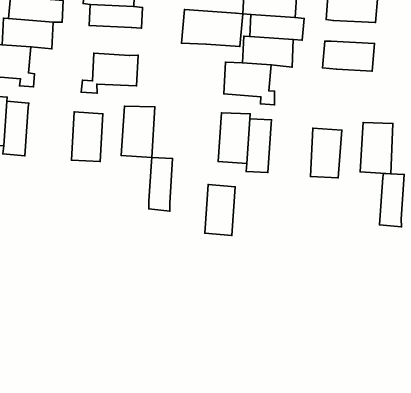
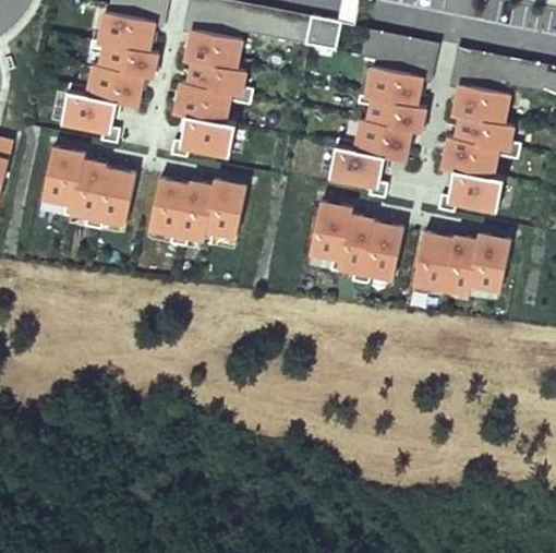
building: [181,9,243,46] -> none
building: none -> [452,116,516,149]
building: none -> [172,84,233,124]
building: none -> [435,170,504,215]
building: none -> [96,167,136,226]
building: [149,157,173,211] -> [179,181,213,243]
building: [379,173,404,227] -> [440,235,475,297]
building: [205,184,235,235] -> [363,221,403,281]

